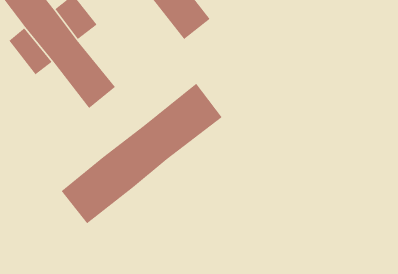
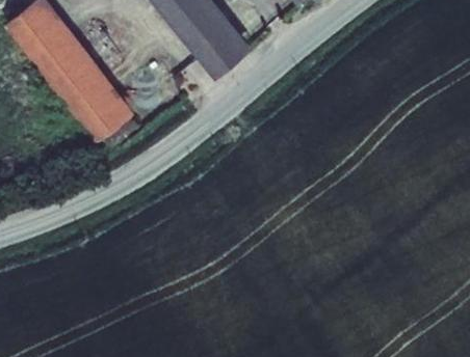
building: [61,83,223,224] -> none

